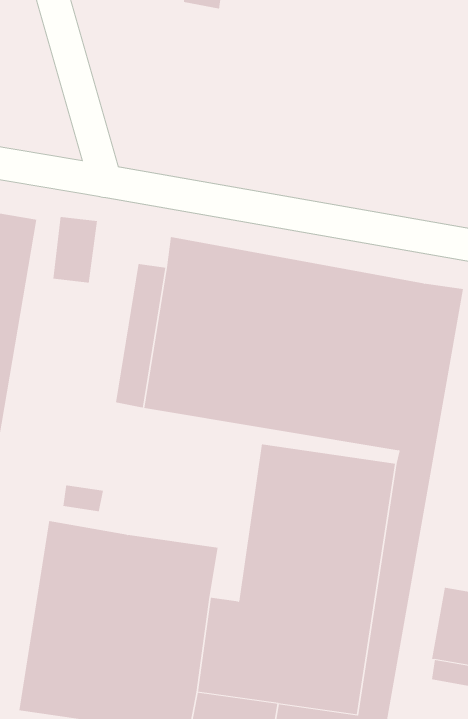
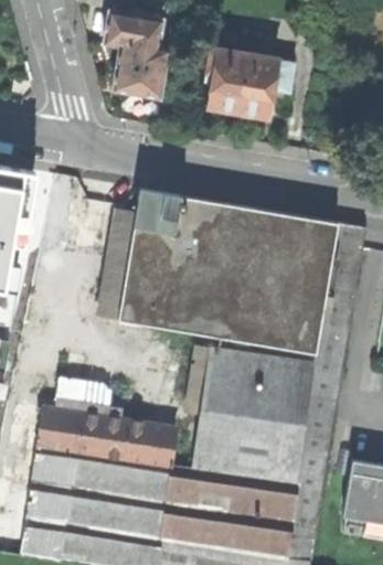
building: none -> [106,8,172,96]
building: none -> [208,47,296,115]

